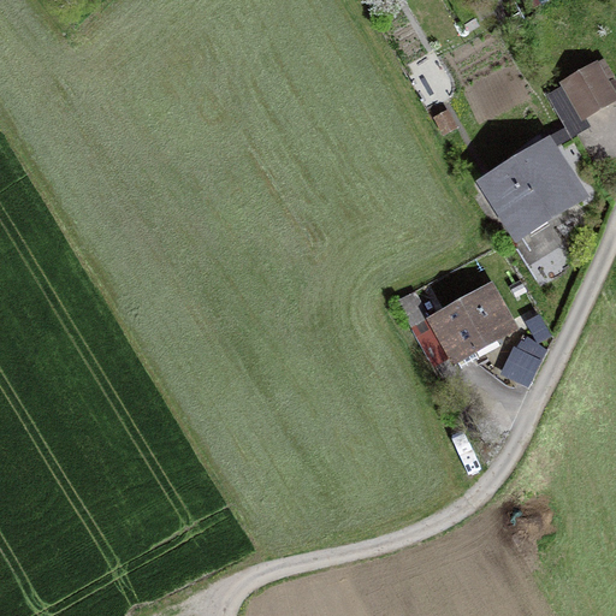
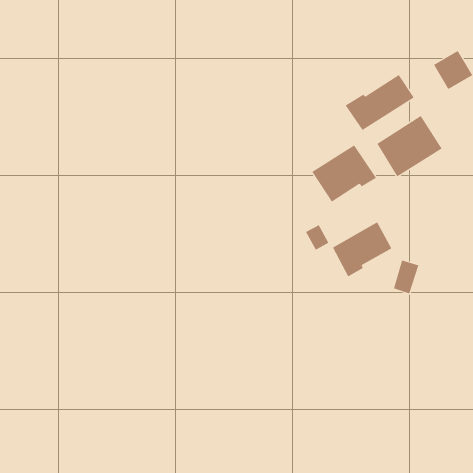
building: none -> [345,74,415,131]
building: none -> [312,144,377,202]

